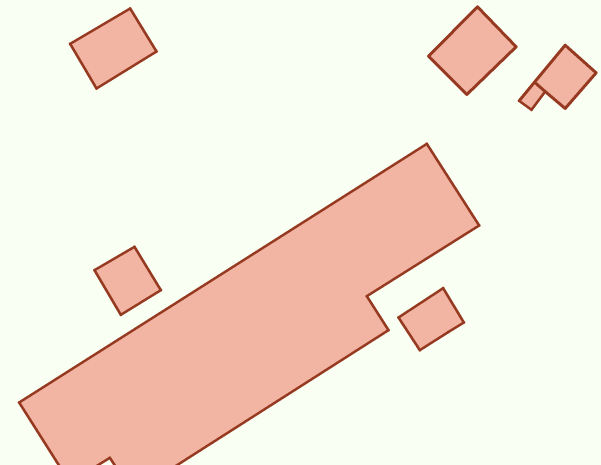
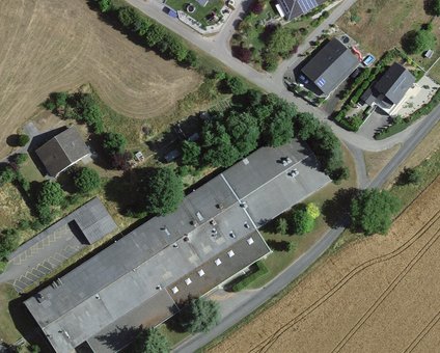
building: [70,8,156,88] -> [33,123,91,176]
building: [398,288,464,350] -> none

